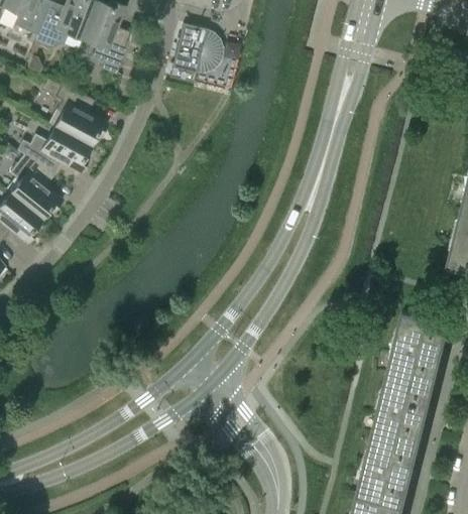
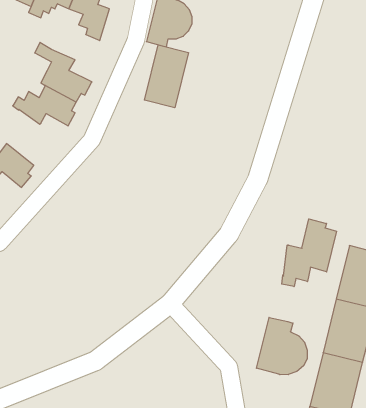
building: none -> [144,45,188,108]
building: [9,154,63,219] -> none
building: none -> [282,219,337,287]
building: none -> [256,317,307,375]

